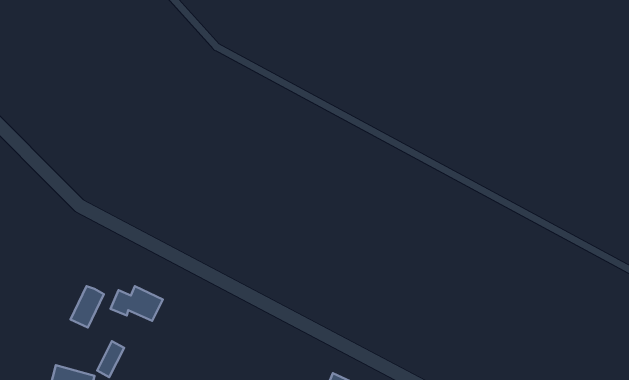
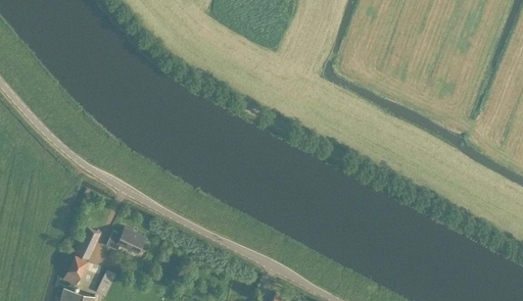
building: none -> [64,253,90,285]

